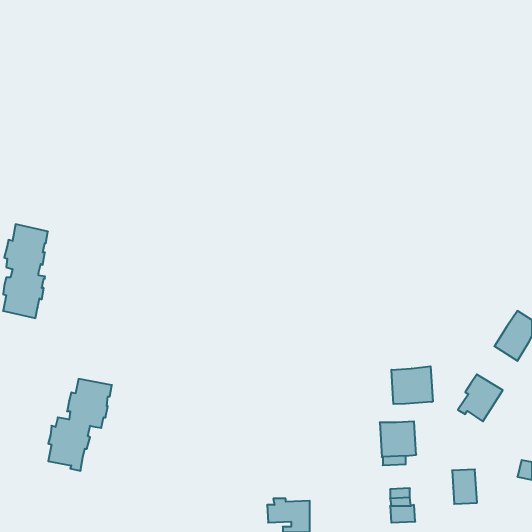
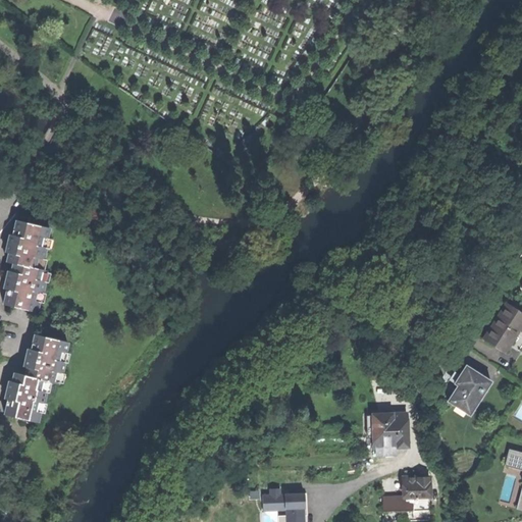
building: [391,366,433,404] -> none
building: [48,379,112,471] -> [4,334,66,424]
building: [452,469,477,504] -> [404,476,428,510]

